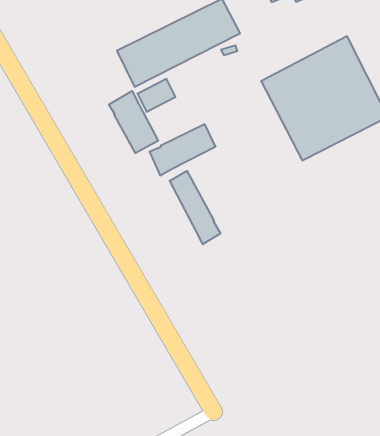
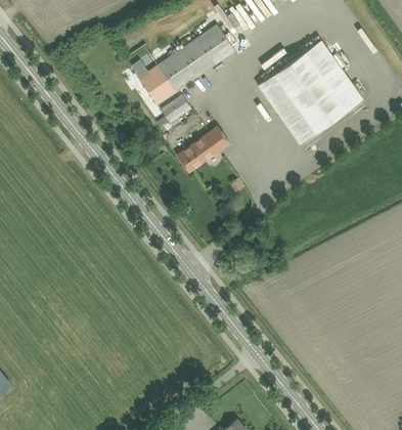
building: [109,91,158,153] -> none
building: [170,171,220,244] -> none

